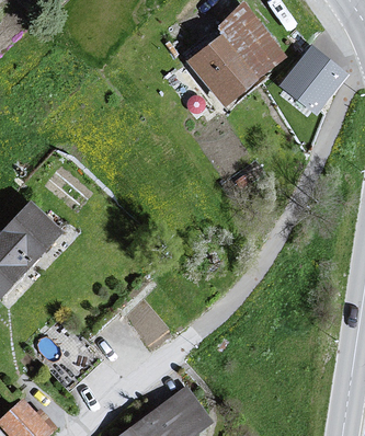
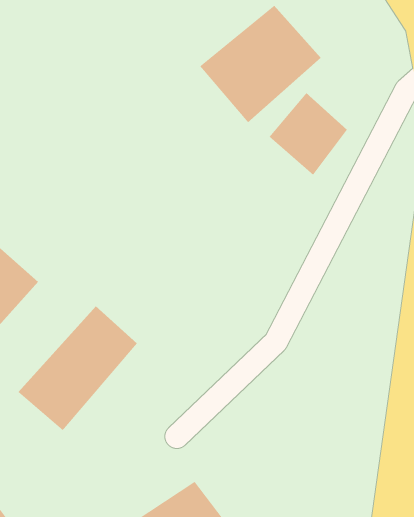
building: [283,48,345,114] -> [268,92,348,176]
building: none -> [17,305,138,431]

